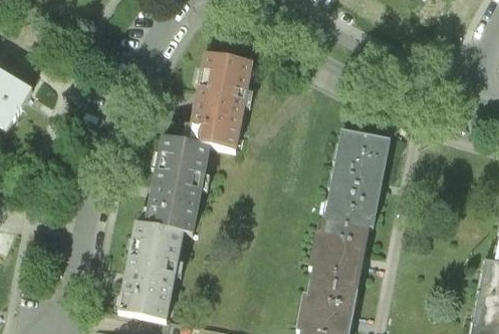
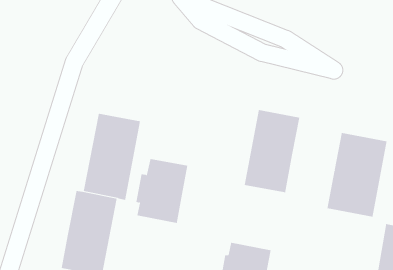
building: [188,49,253,146] -> none
building: none -> [327,132,387,218]
building: [310,214,369,287] -> [136,159,188,224]

